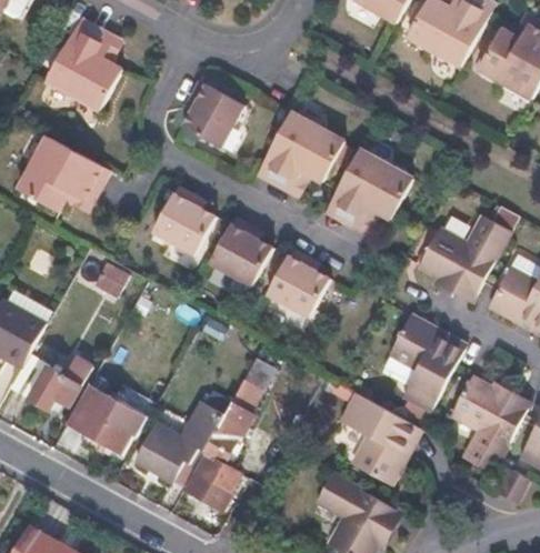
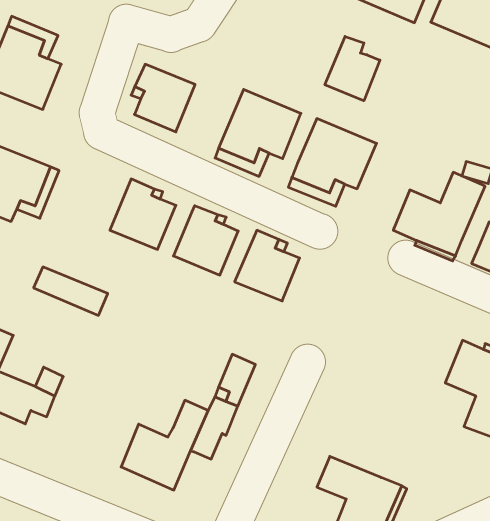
building: none -> [325,36,380,101]
building: [390,313,466,412] -> none
building: [66,384,146,454] -> none
building: [342,391,419,483] -> none
building: [186,453,239,509] -> none

